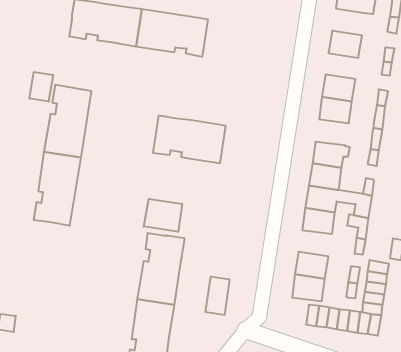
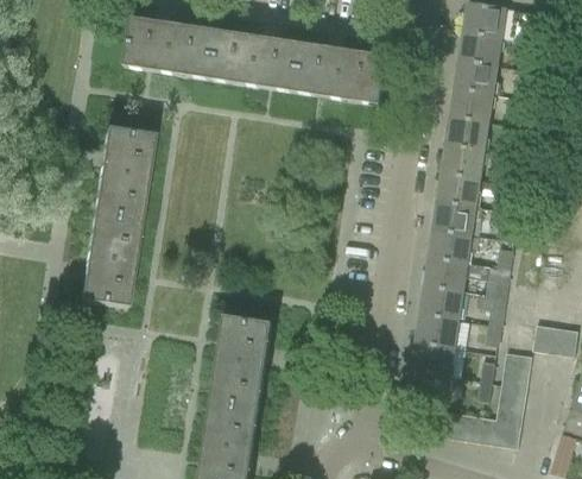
building: none -> [460,29,507,63]
building: none -> [451,86,493,119]
building: [29,72,53,102] -> none
building: [153,116,226,163] -> [295,43,387,103]
building: none -> [438,170,481,203]
building: [144,199,182,232] -> none
building: none -> [417,311,460,345]
building: [205,276,229,315] -> none

